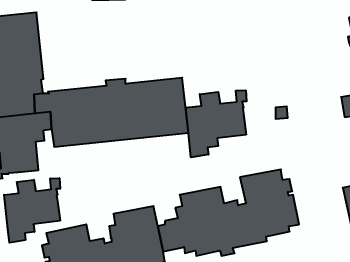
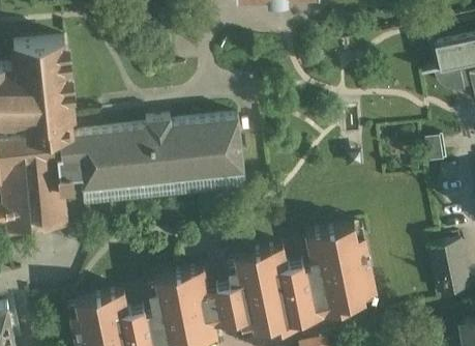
building: [186,90,247,157] -> none
building: [4,178,60,243] -> none

